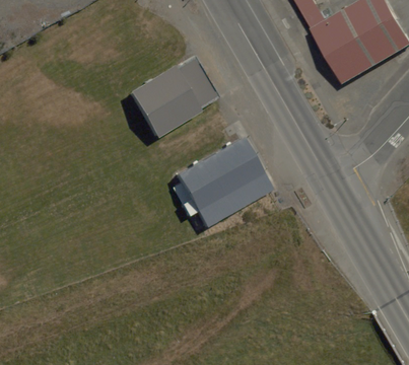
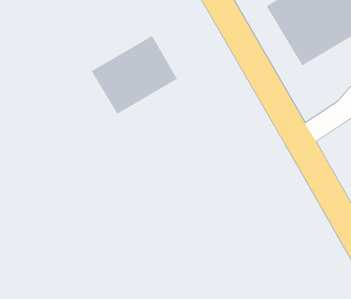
building: [173,139,276,234] -> none

